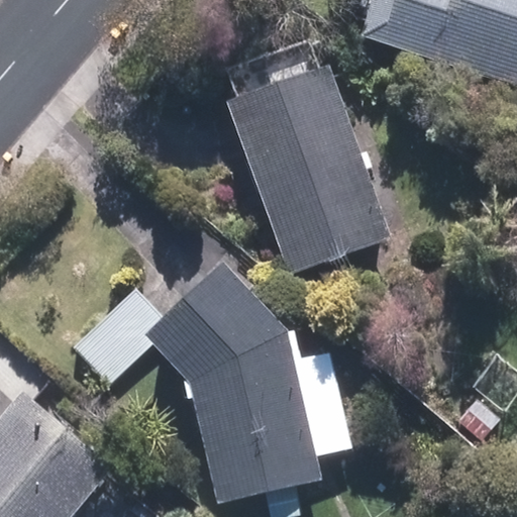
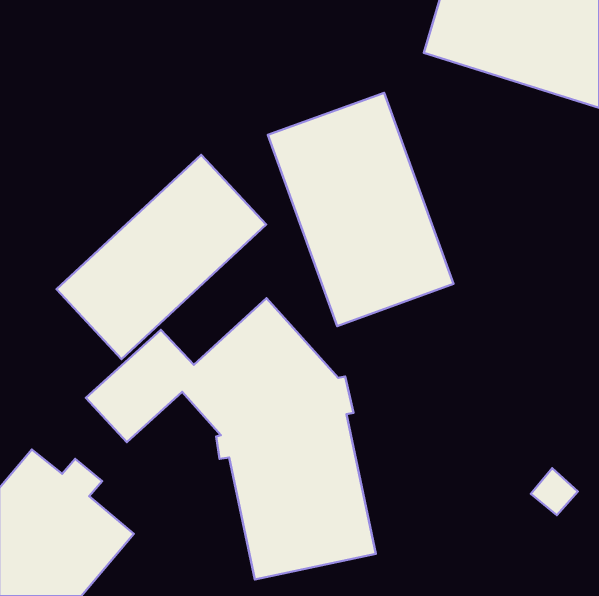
building: none -> [57,155,266,359]

